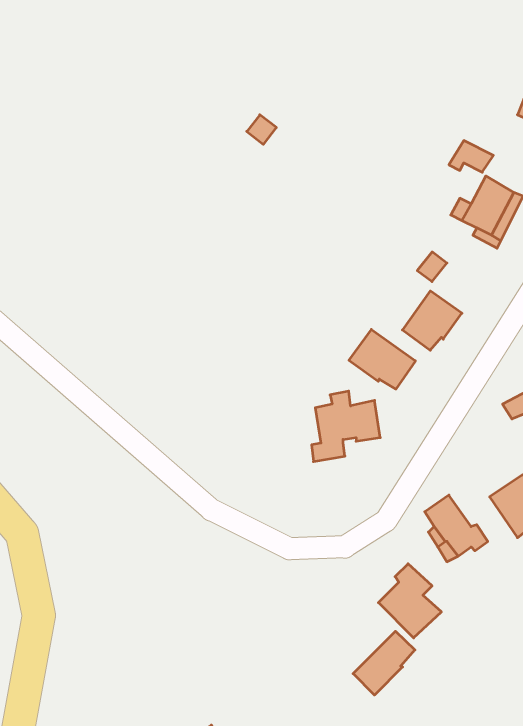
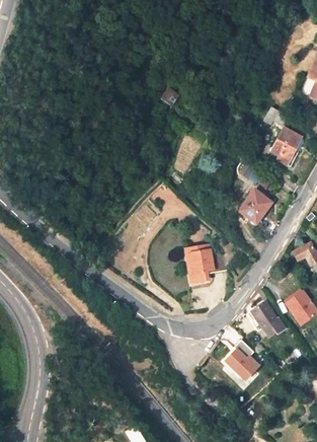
building: [349,329,415,389] -> none
building: [353,631,415,695] -> none

